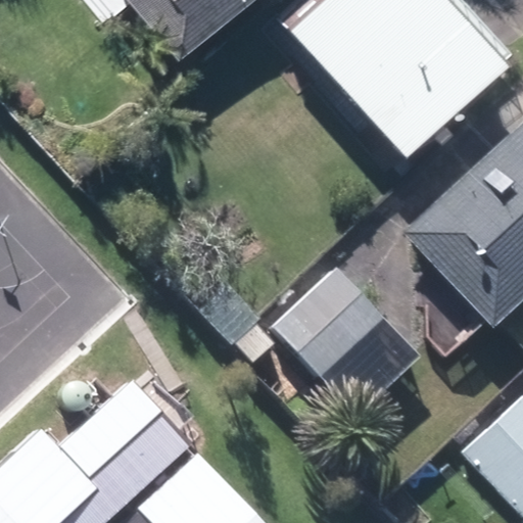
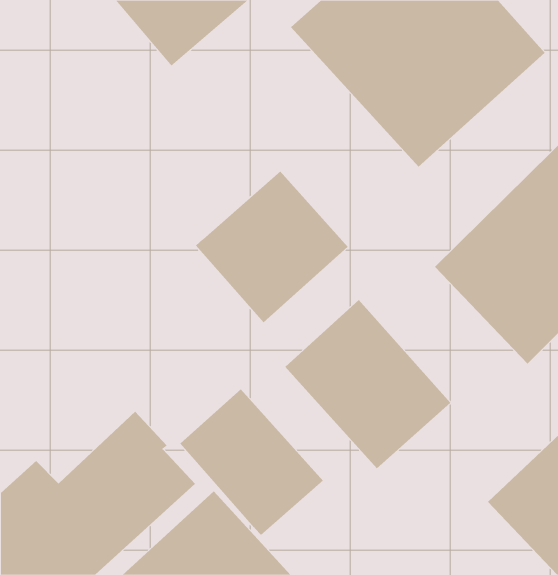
building: none -> [195,170,348,323]
building: none -> [179,389,324,536]

